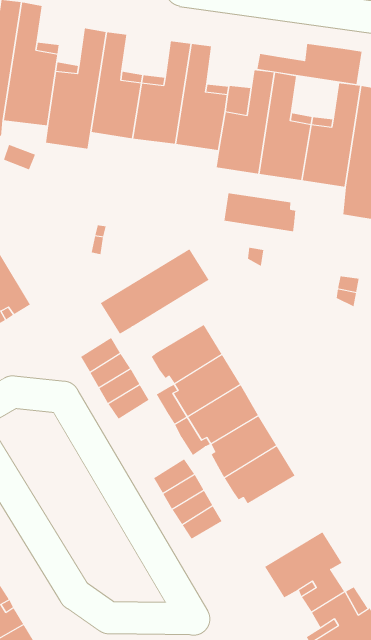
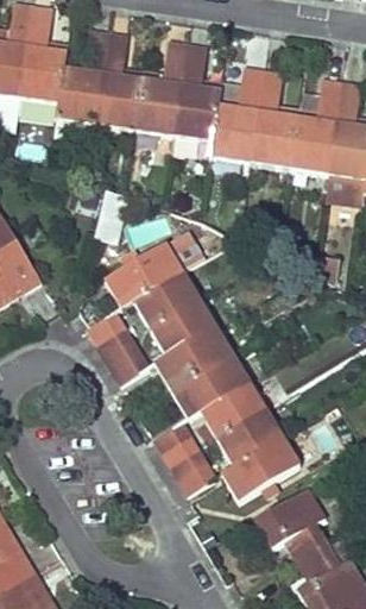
building: [257,43,362,85] -> none
building: [224,193,296,232] -> none
building: none -> [134,272,200,326]
building: none -> [222,438,301,503]

